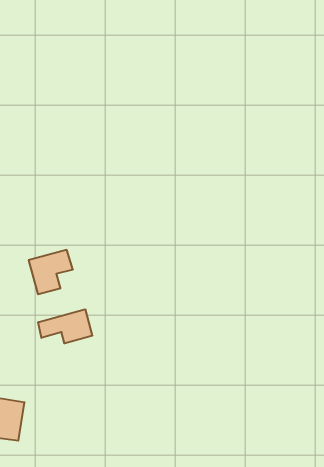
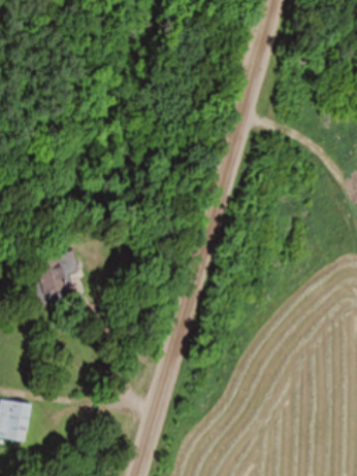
building: [38,309,92,343] -> none

